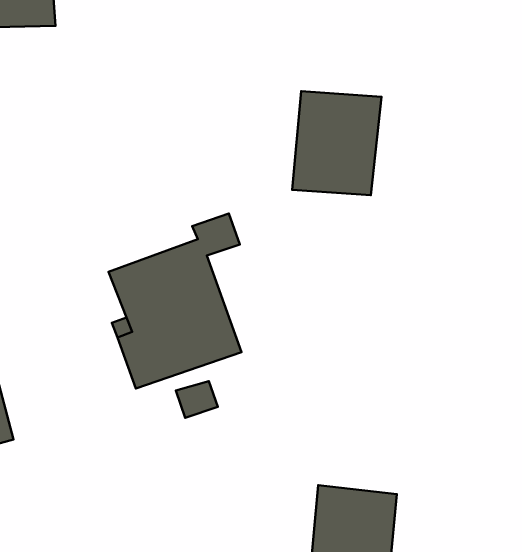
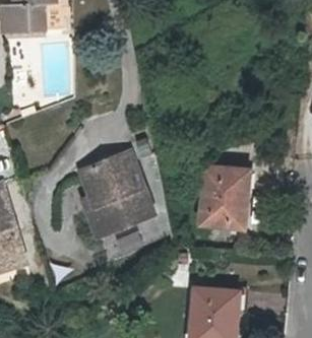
building: [292,91,382,195] -> [198,171,248,228]

